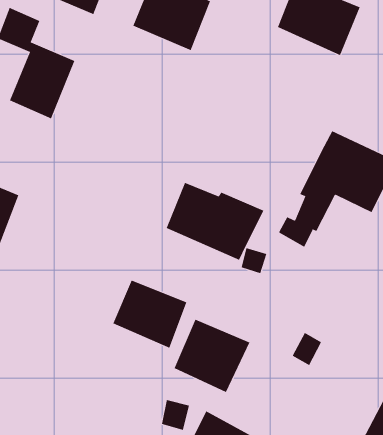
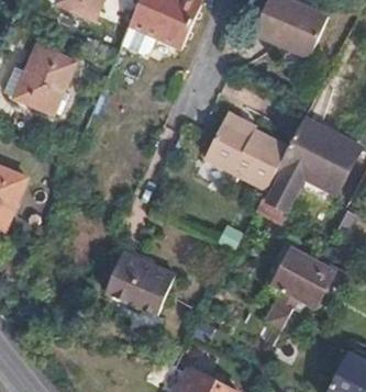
building: [166,182,264,260] -> [203,115,290,184]
building: none -> [275,246,335,305]
building: [174,319,250,393] -> none

